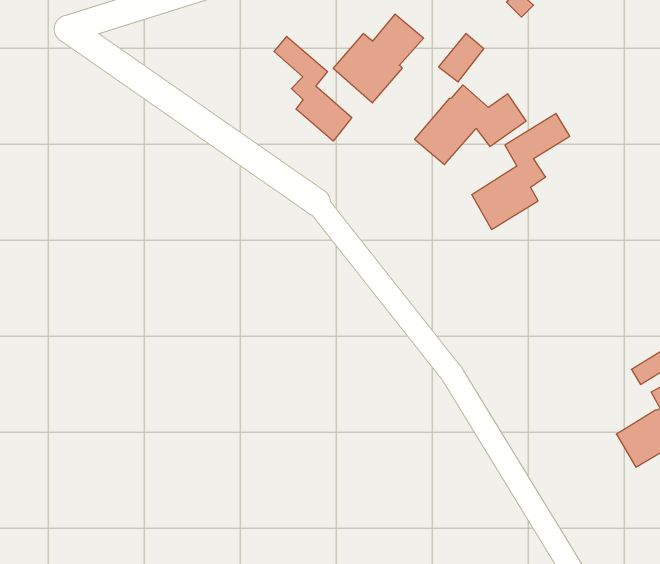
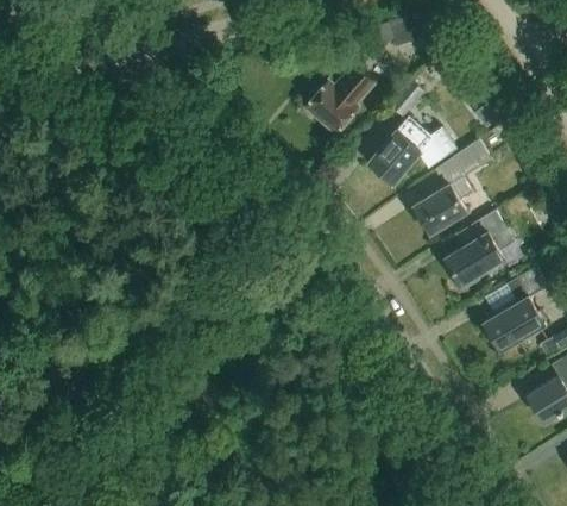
building: [274,36,352,141] -> none
building: none -> [443,211,512,286]
building: none -> [483,268,546,351]

